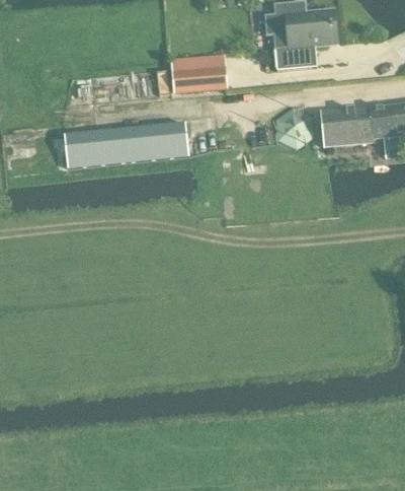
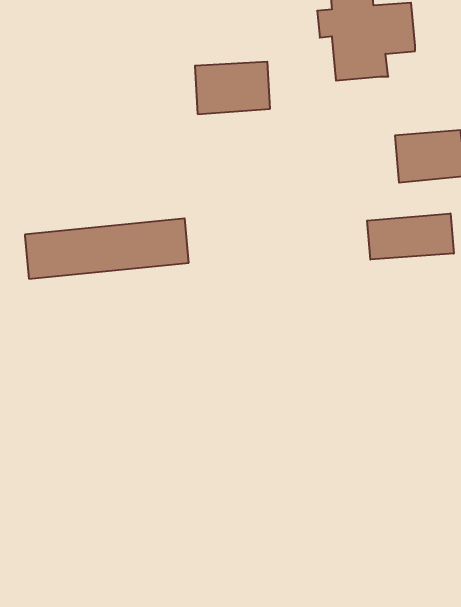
building: [64,122,187,167] -> [25,218,189,279]
building: none -> [367,213,454,260]

